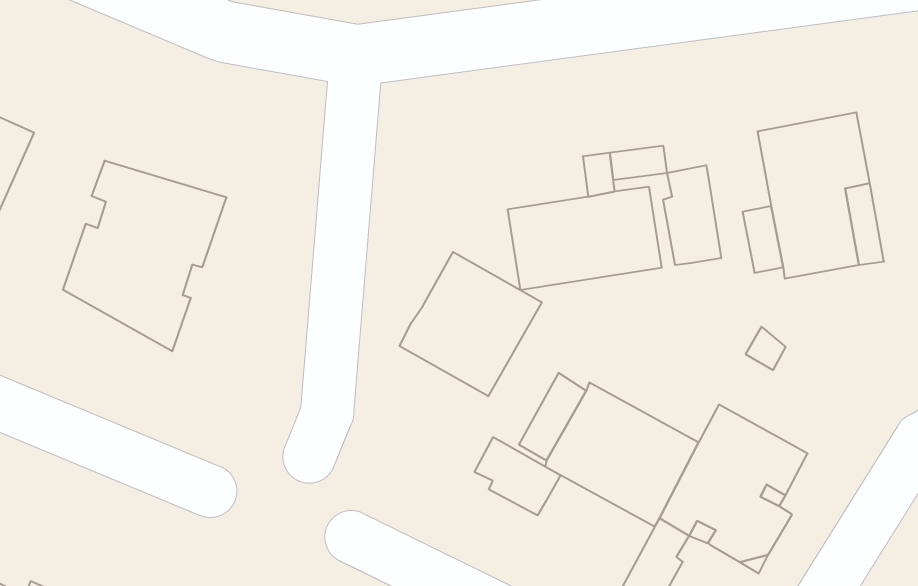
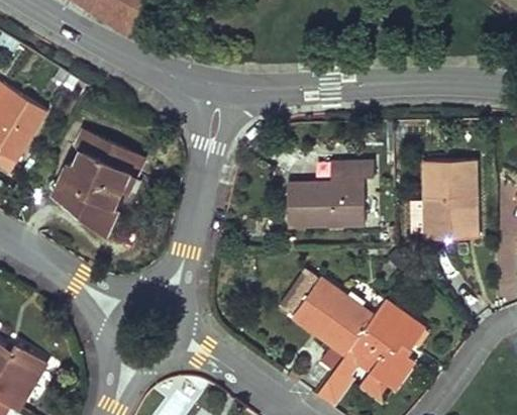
building: [663,165,721,265] -> none
building: [400,252,542,396] -> none
building: [475,437,561,515] -> none

